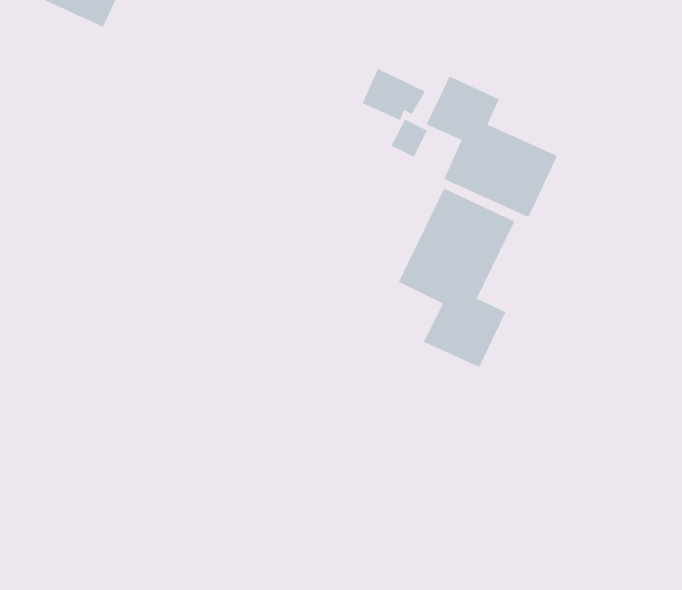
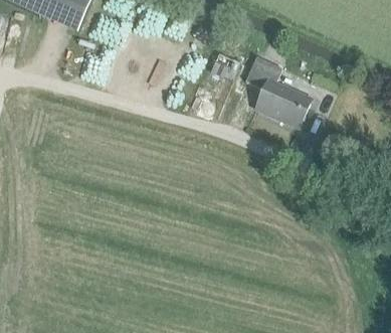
building: [398,188,515,368] -> none

